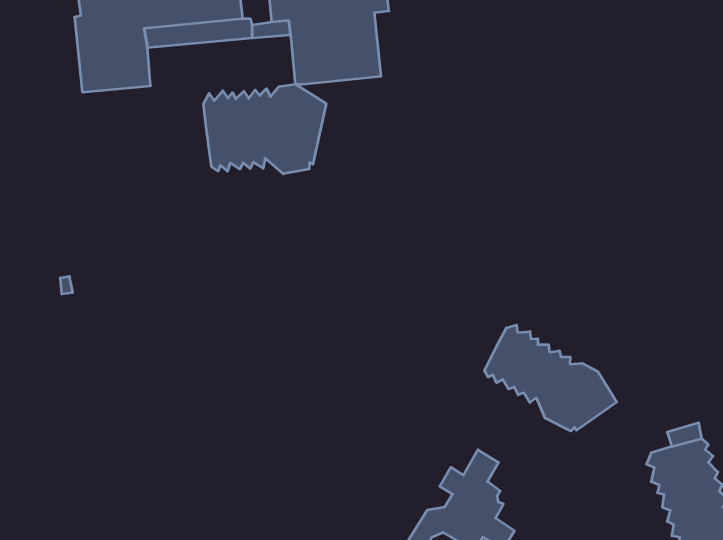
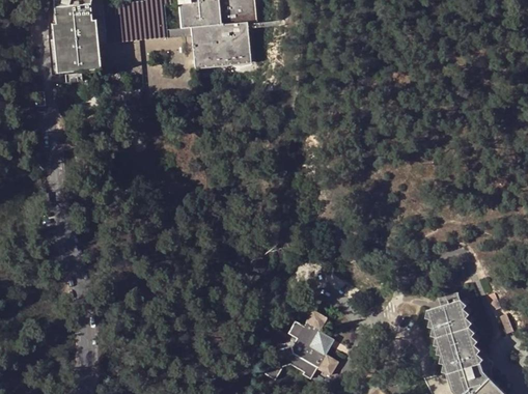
building: [203,84,326,174] -> none
building: [484,325,617,431] -> none

